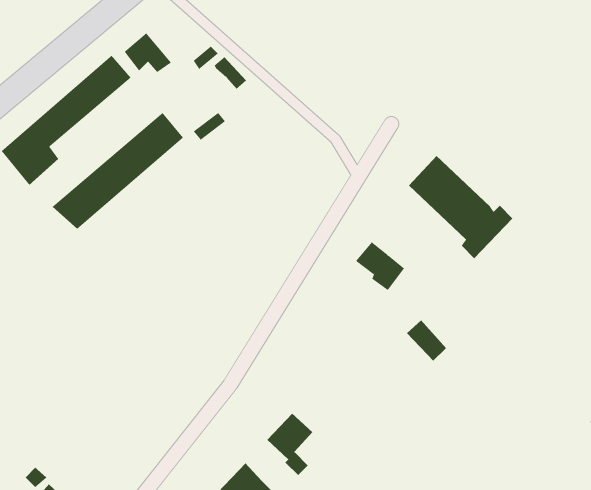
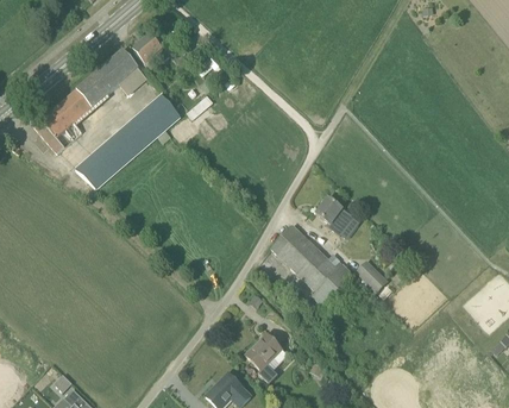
building: [408,155,513,259] -> [270,225,353,307]

